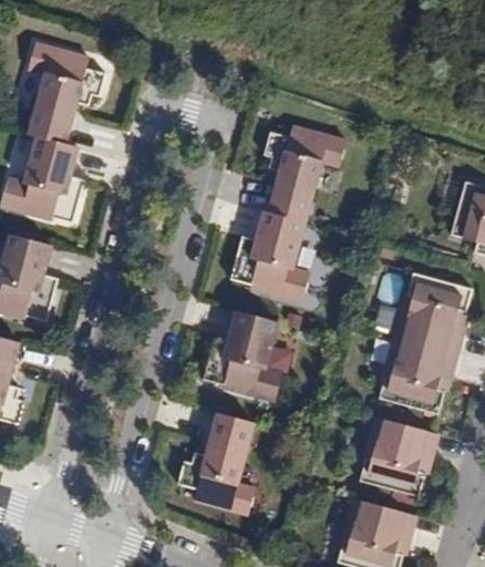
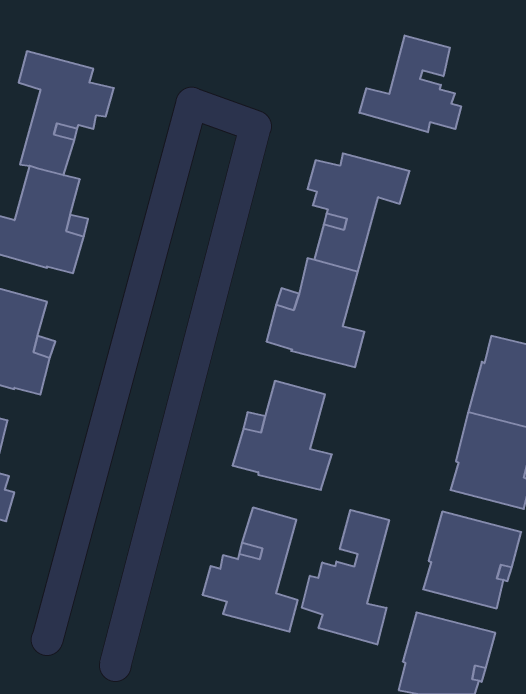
building: none -> [359,35,461,132]
building: none -> [302,510,389,645]

